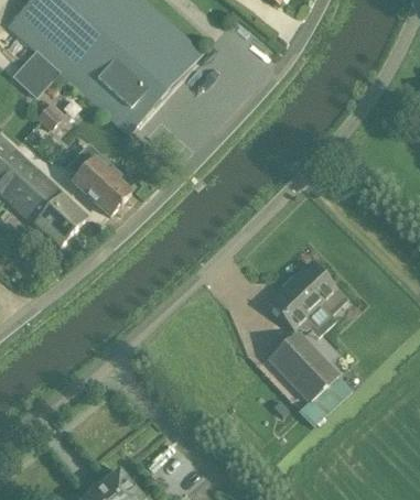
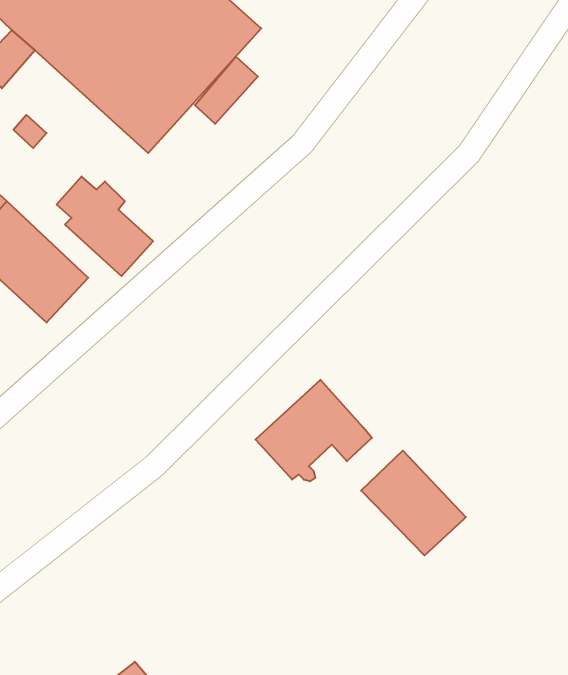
building: none -> [195,57,258,124]
building: [270,262,347,329] -> [255,380,372,481]
building: [300,376,353,426] -> none

